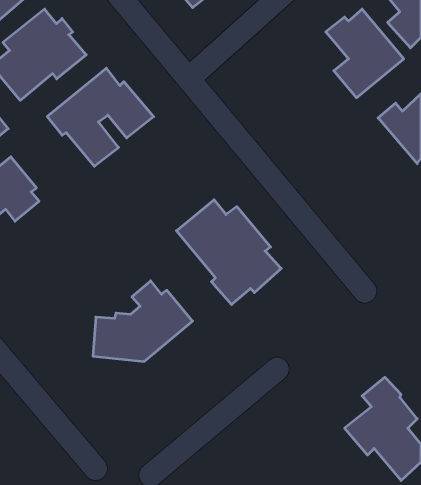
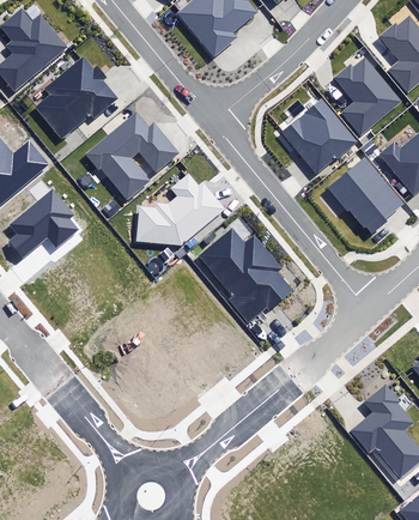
building: none -> [280,99,357,175]
building: none -> [328,156,406,232]
building: [93,281,193,361] -> [136,174,225,246]

